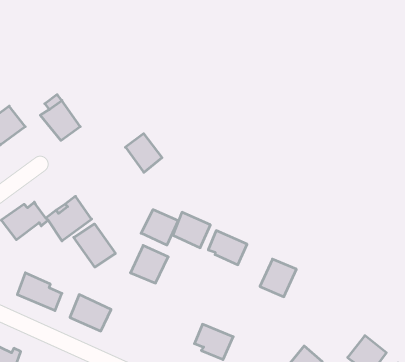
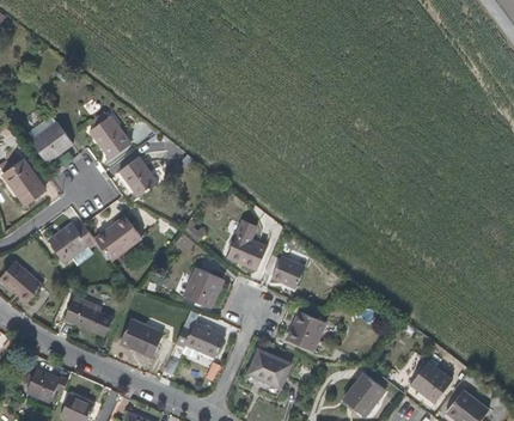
building: [125,134,162,172] -> [120,155,158,196]
building: [141,210,178,245] -> none
building: [74,224,115,267] -> none
building: [260,259,296,297] -> [287,310,325,349]
building: none -> [176,322,225,358]

